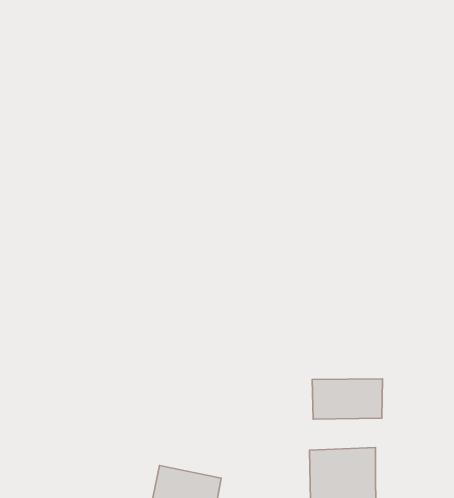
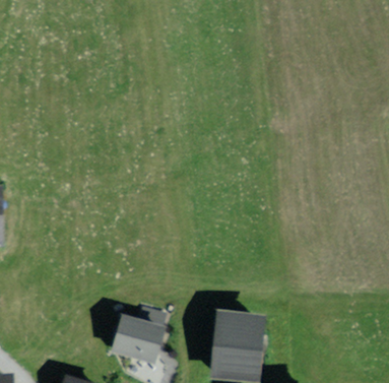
building: [312,379,383,419] -> none

